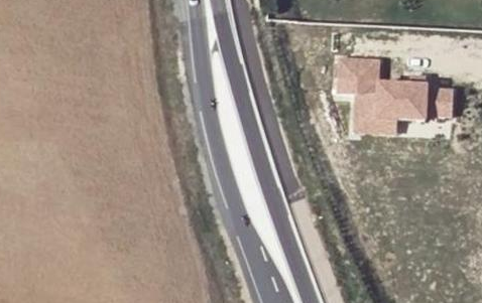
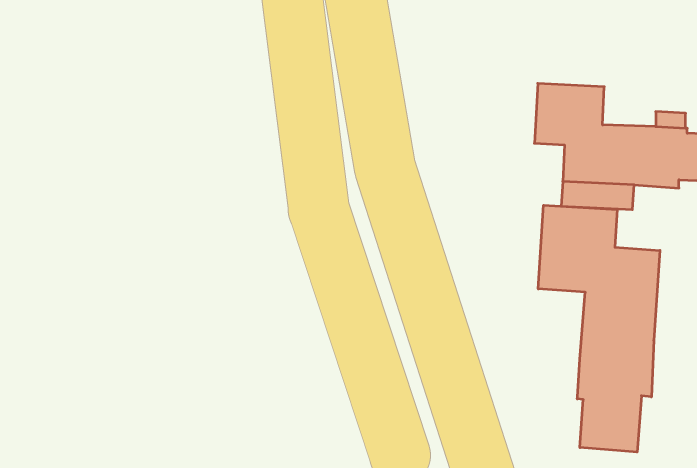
building: none -> [538,205,660,452]

